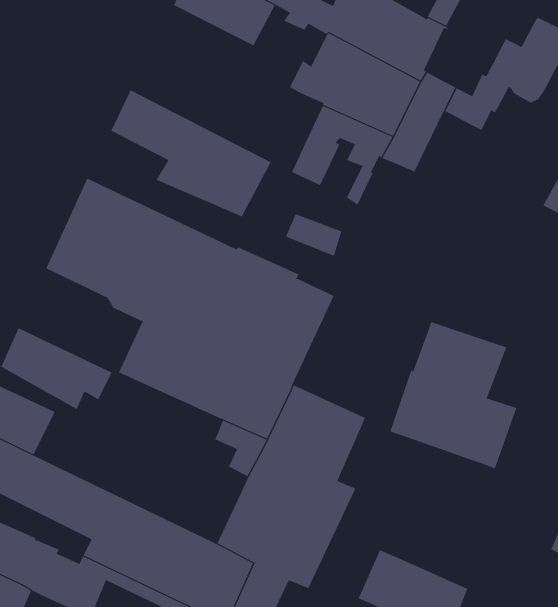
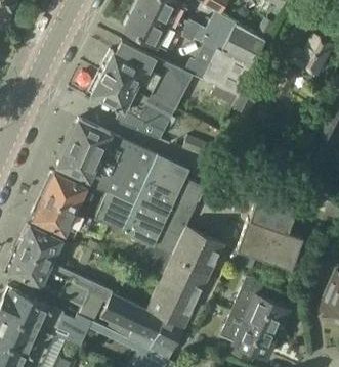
building: none -> [100,40,192,110]
building: none -> [42,173,91,220]
building: none -> [230,276,287,332]

